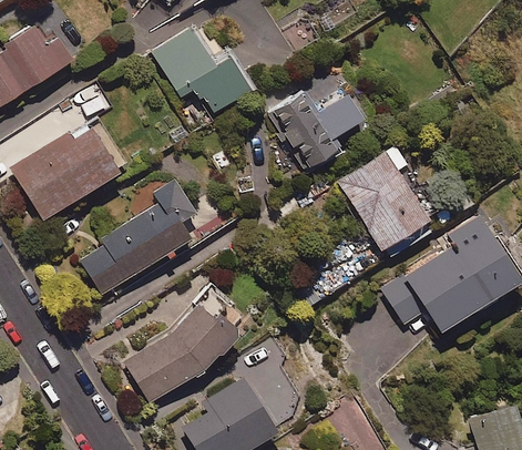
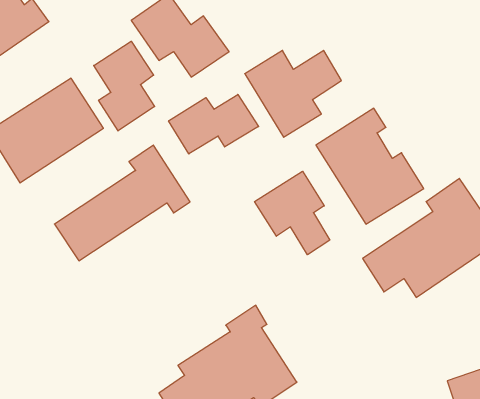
building: none -> [94,41,155,131]
building: none -> [169,94,259,154]
building: none -> [255,171,330,255]
building: [123,294,242,405] -> none

